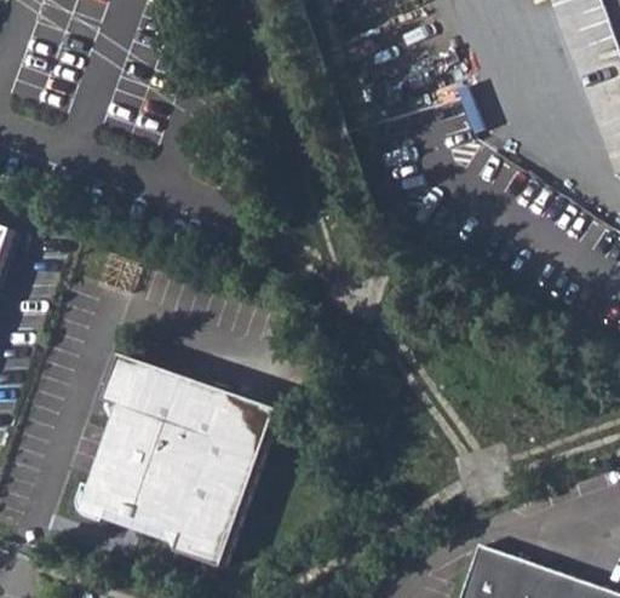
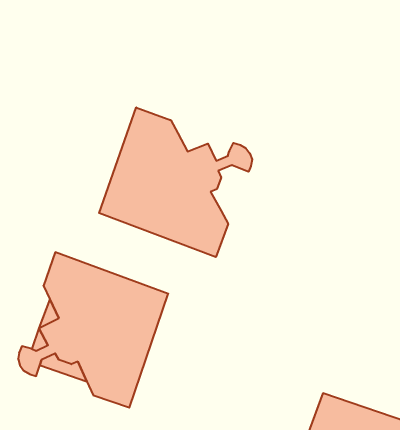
building: none -> [99,107,252,257]

